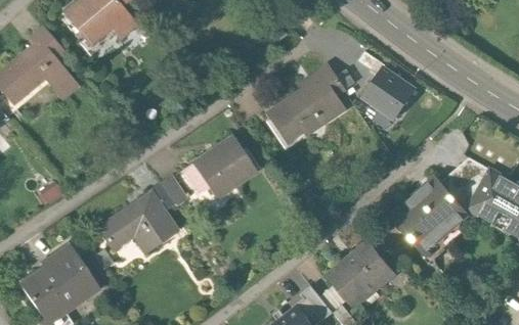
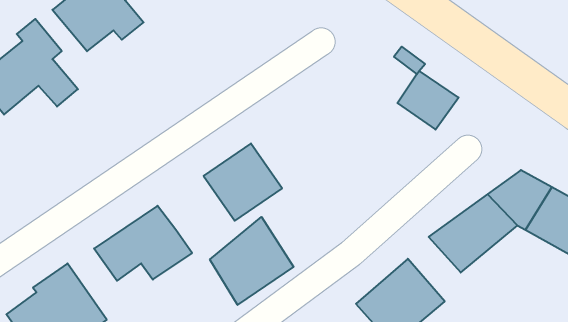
building: [265,58,350,147] -> none
building: [150,173,189,211] -> none
building: none -> [210,217,294,305]

